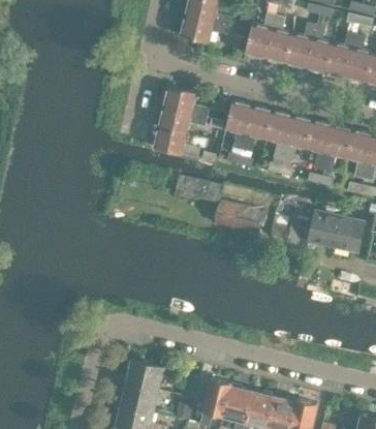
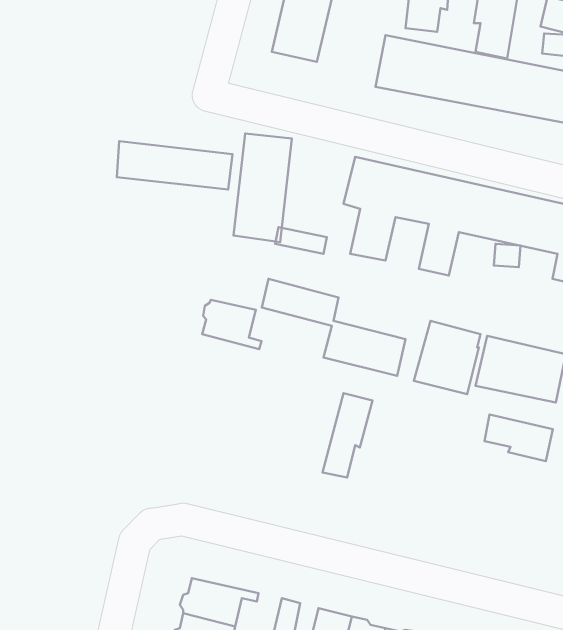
building: none -> [117,141,233,190]
building: none -> [202,300,262,349]
building: none -> [323,393,372,477]
building: none -> [485,414,553,461]

